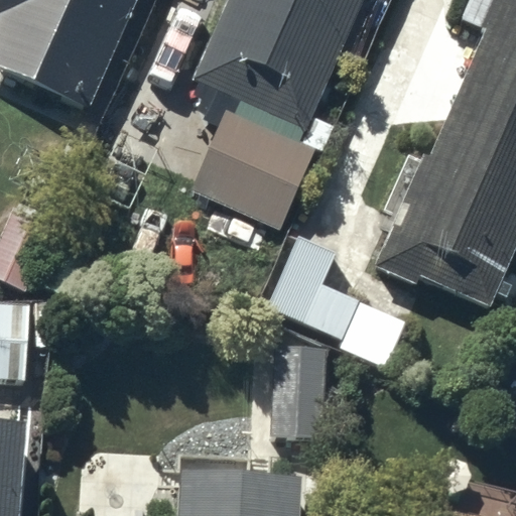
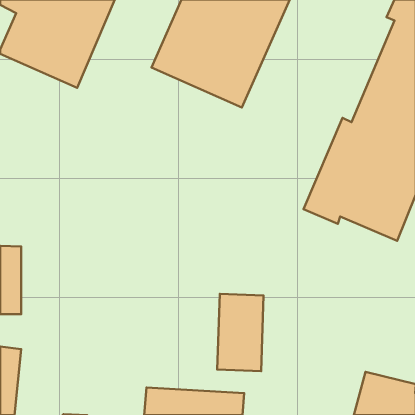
building: [185,111,309,228] -> none
building: [268,239,405,368] -> none

